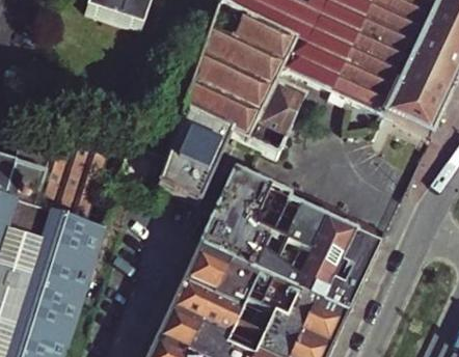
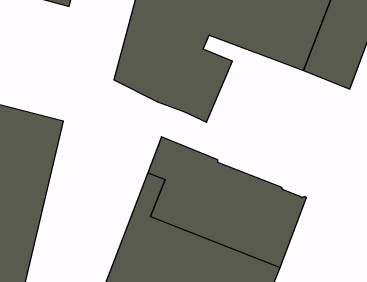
building: [157,109,227,204] -> none

